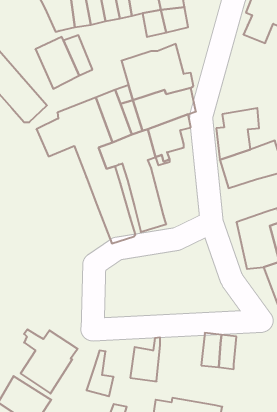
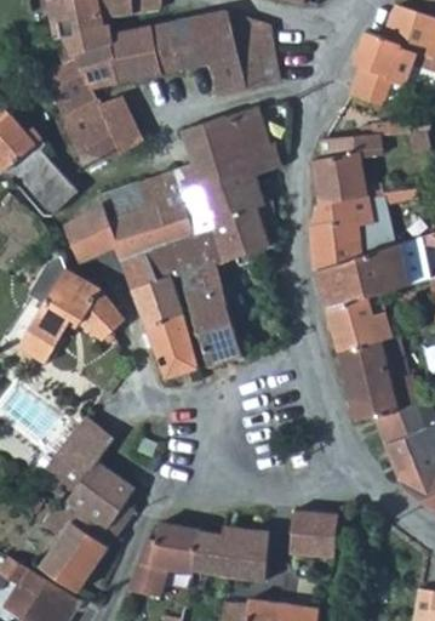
building: none -> [41,59,97,115]
building: none -> [311,136,380,205]
building: none -> [22,267,120,359]
building: none -> [327,295,379,354]
building: none -> [47,415,134,529]
building: none -> [153,519,198,572]
building: none -> [228,524,269,577]

